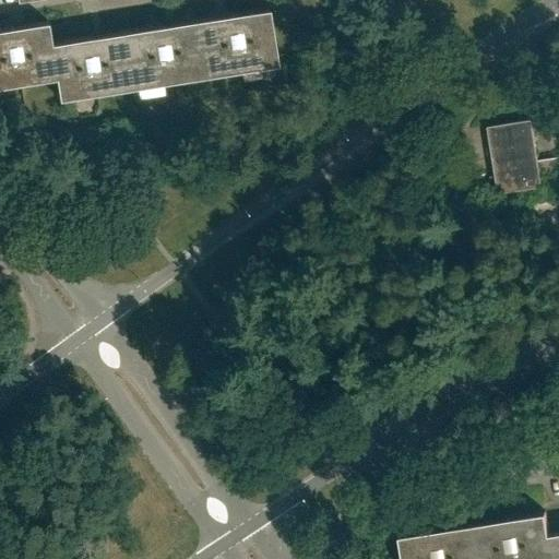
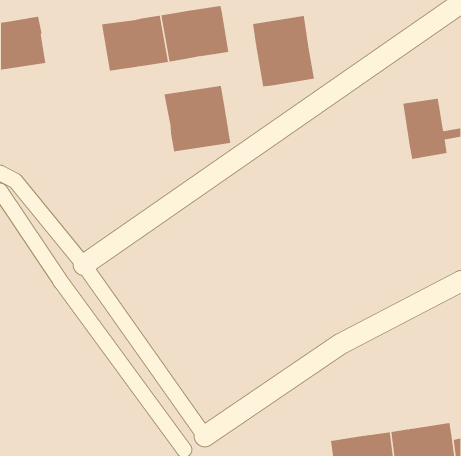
building: none -> [252,15,315,87]
building: [50,35,132,104] -> none
building: none -> [164,85,231,152]

